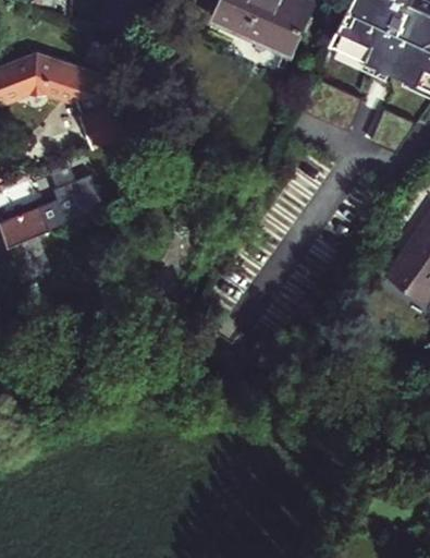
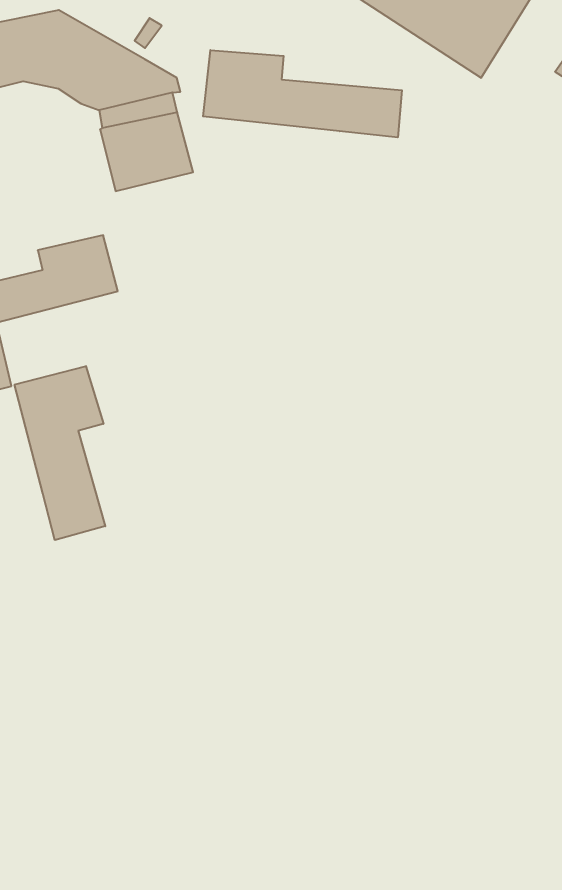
building: none -> [203,50,402,137]
building: none -> [15,366,105,540]

